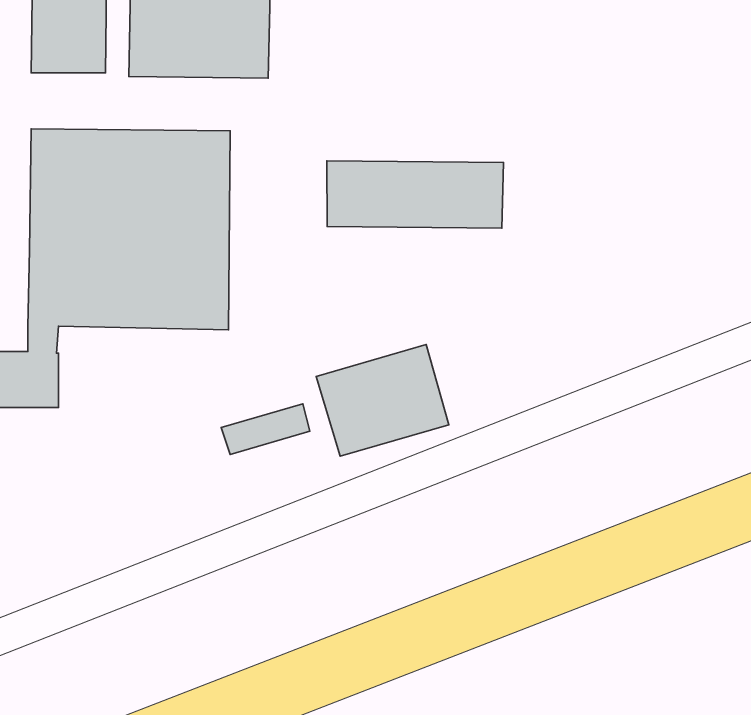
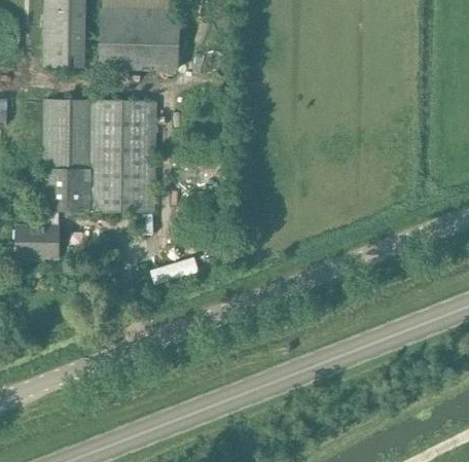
building: [327,161,503,228] -> none
building: [316,345,449,456] -> none

